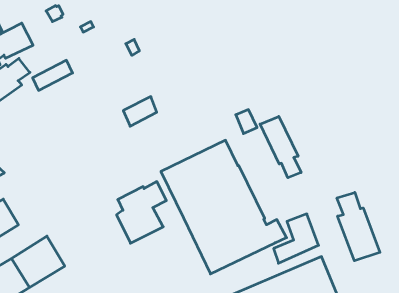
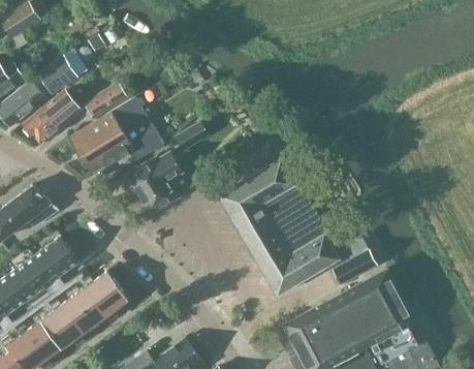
building: none -> [70,97,163,174]
building: [260,116,301,178] -> none
building: [117,182,166,243] -> [131,152,181,217]
building: [337,192,380,261] -> none

